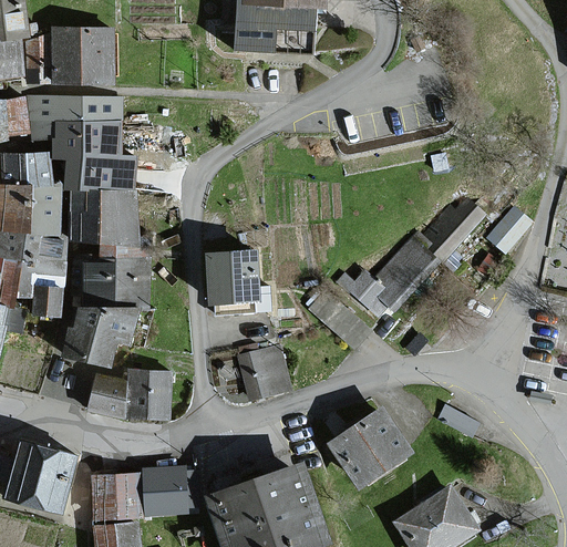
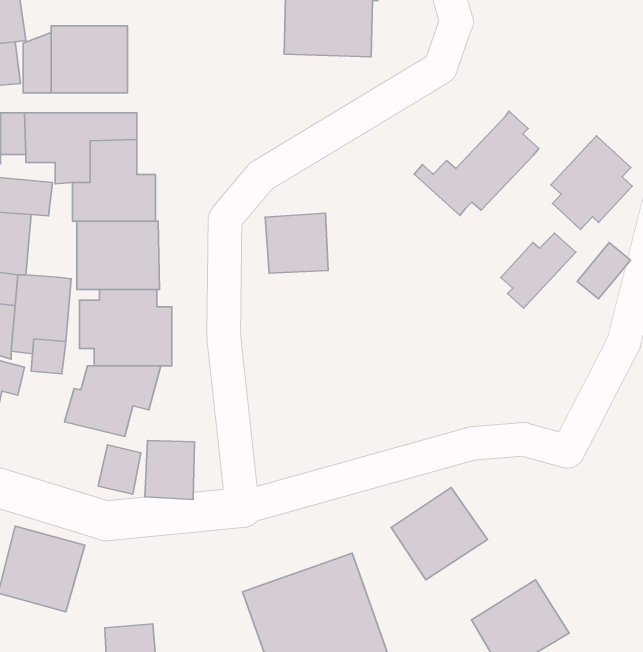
building: none -> [551,136,632,230]
building: [28,183,61,235] -> none
building: [337,229,440,316] -> [414,111,539,215]
building: [206,251,258,301] -> [265,213,328,273]
building: [236,345,288,400] -> none
building: [140,464,181,510] -> none
building: [93,473,135,517] -> none

